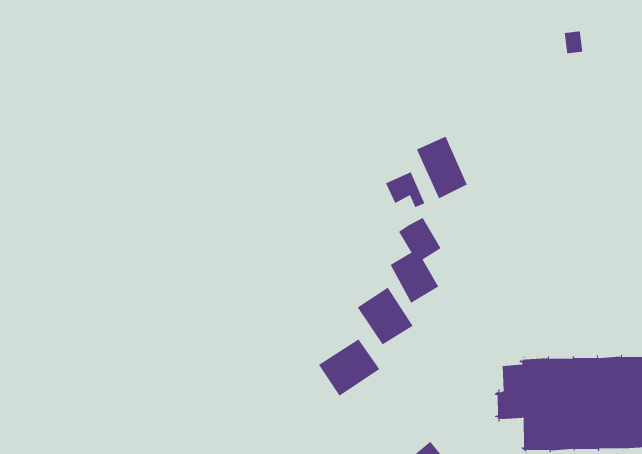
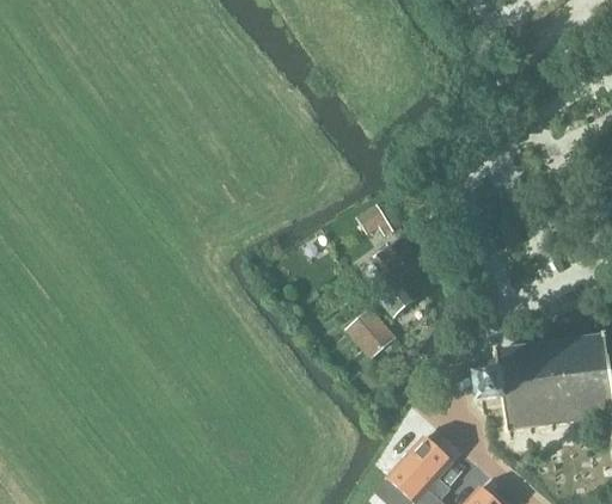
building: [416,136,467,199] -> none
building: [318,339,380,397] -> none

